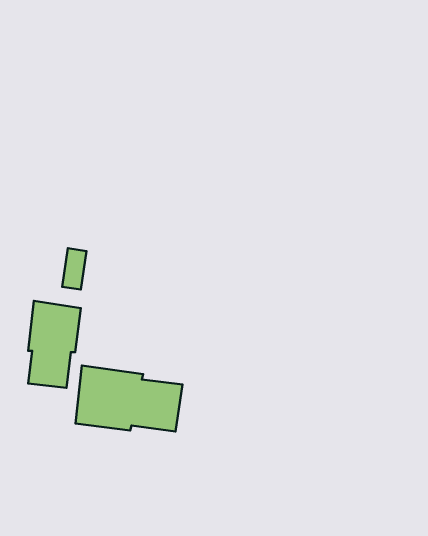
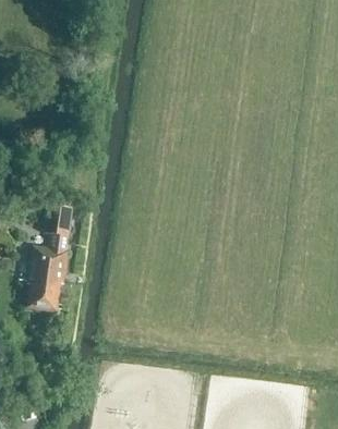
building: [76,365,183,432] -> none

